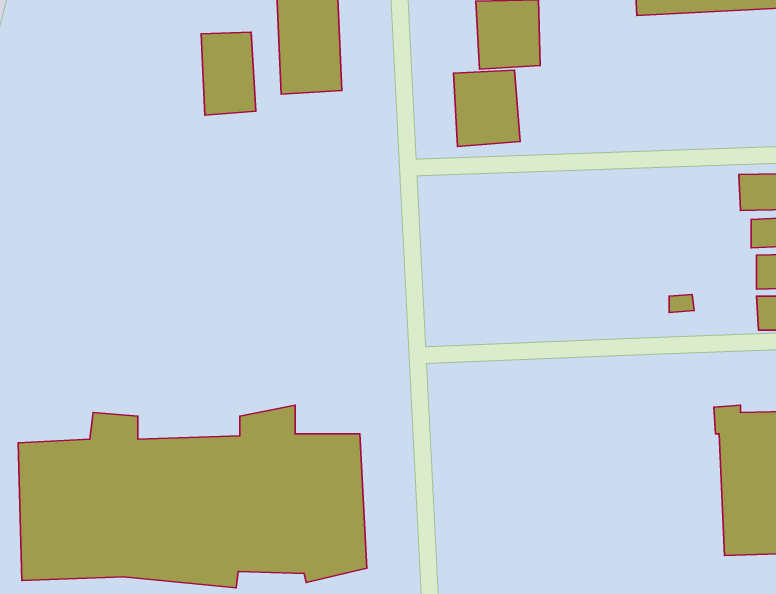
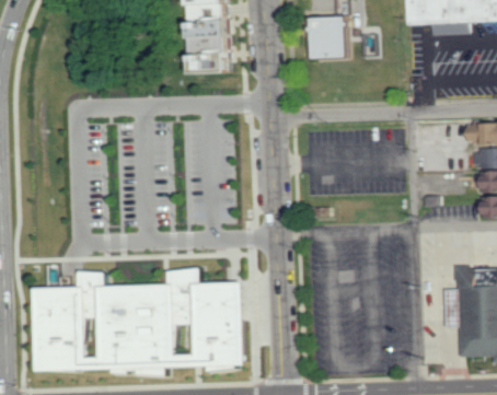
building: [201,32,256,115] -> none
building: [453,70,520,147] -> none

